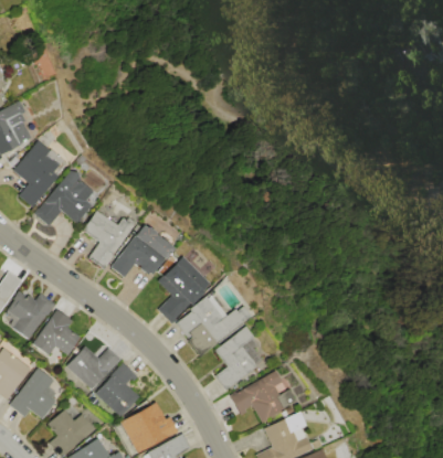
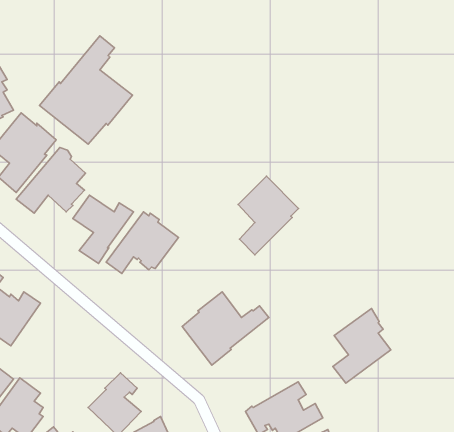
building: none -> [39,36,132,144]
building: [157,256,209,323] -> [238,176,299,255]
building: [32,309,80,355] -> none
building: [213,327,263,391] -> [333,309,391,383]
building: [66,345,120,390] -> none

